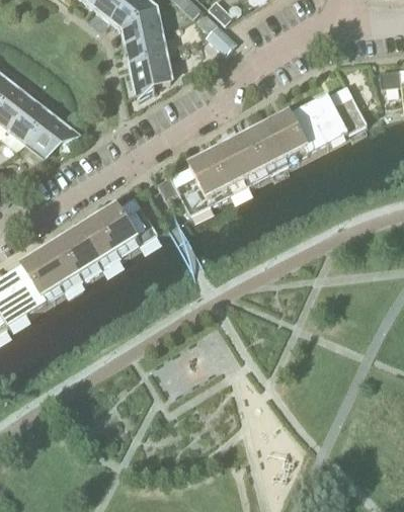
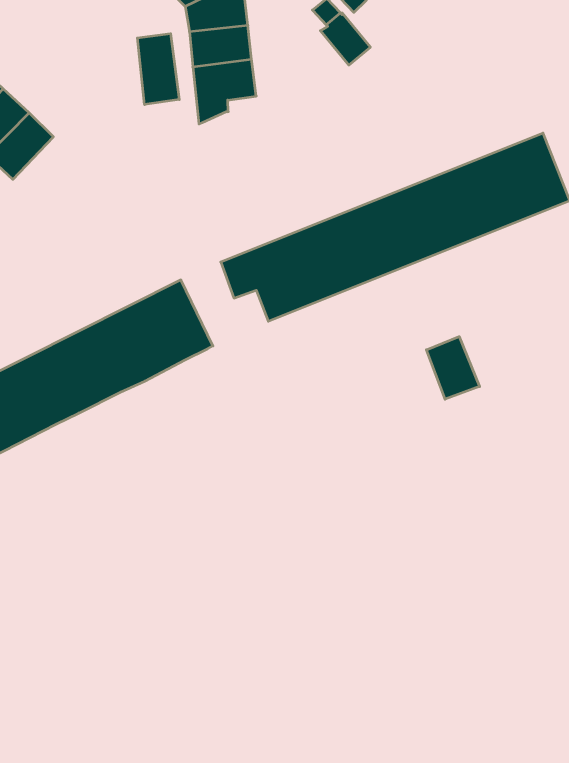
building: none -> [137,34,179,105]
building: [25,114,75,157] -> none
building: none -> [426,337,480,399]

